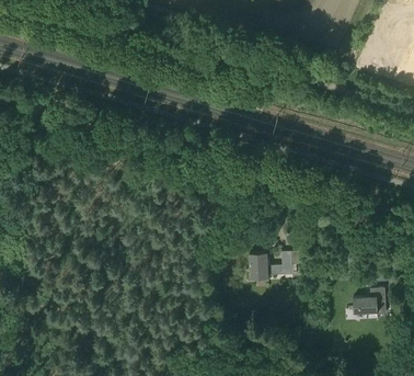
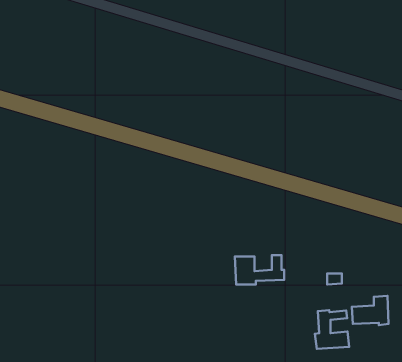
building: none -> [315,310,349,349]

